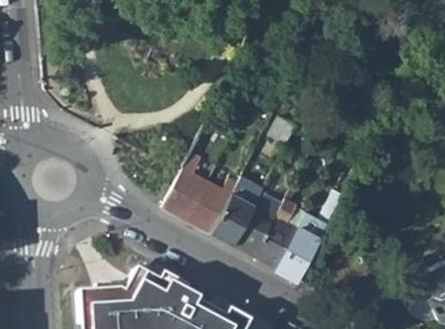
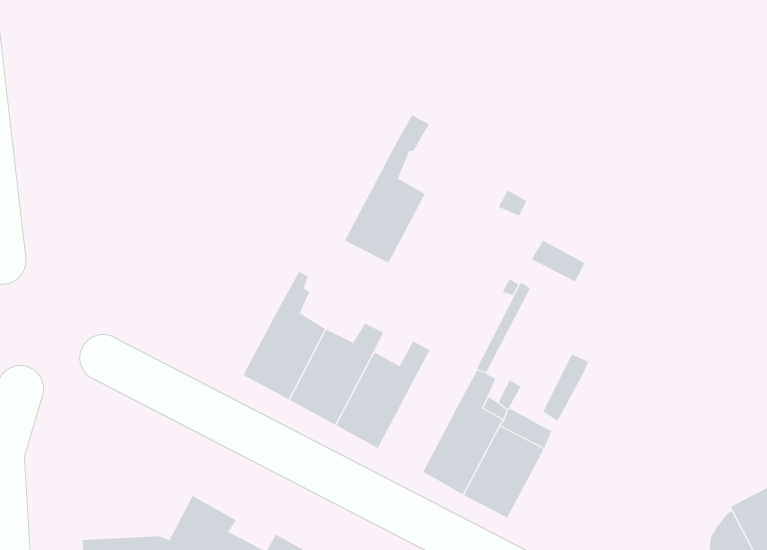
building: [232,179,276,256] -> [344,115,429,264]

